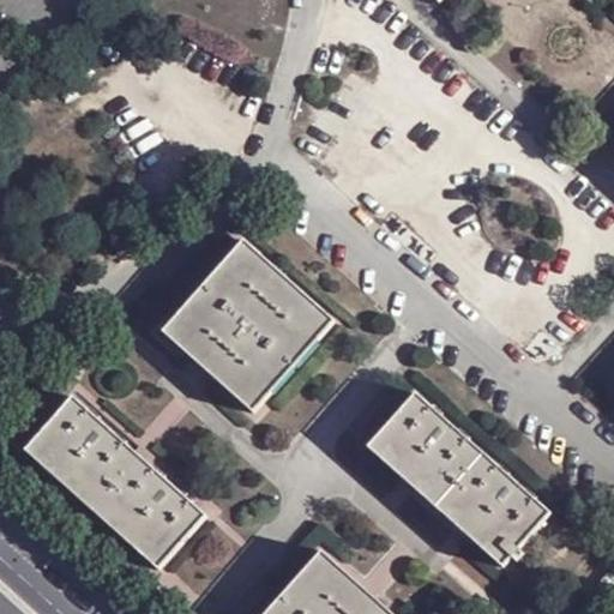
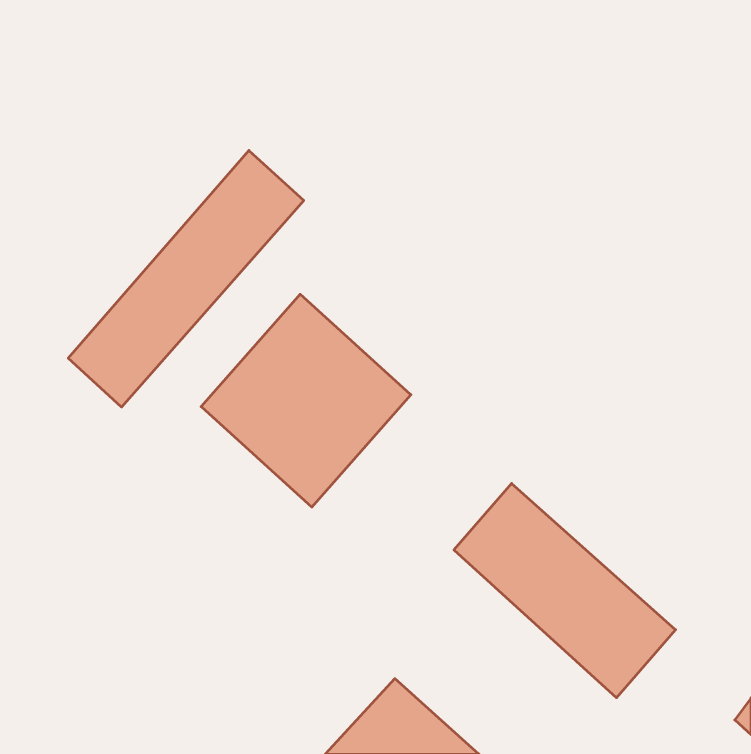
building: none -> [68,150,304,407]
building: [24,395,206,568] -> none

